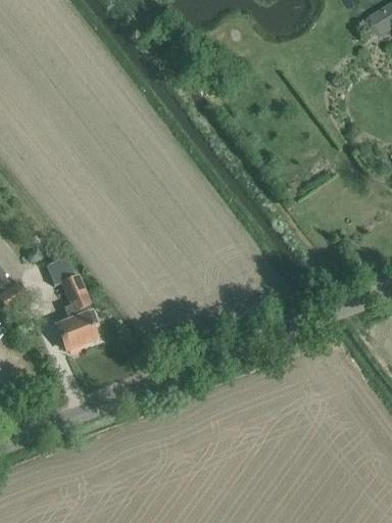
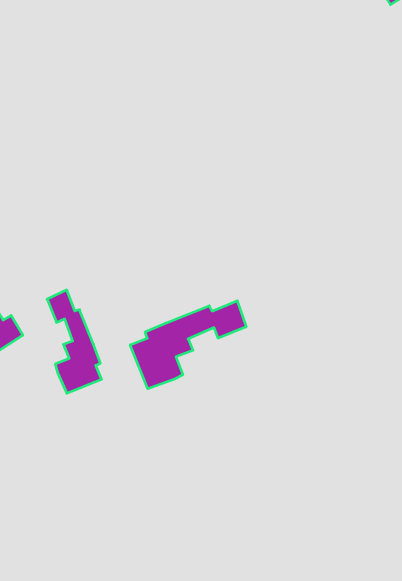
building: none -> [130,301,246,389]

